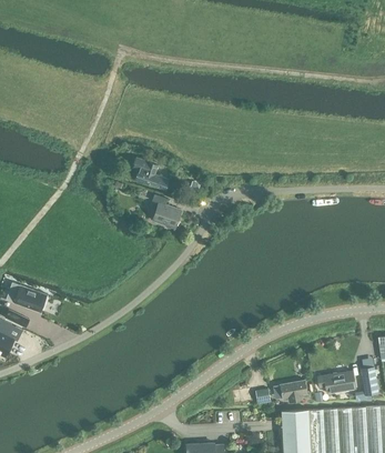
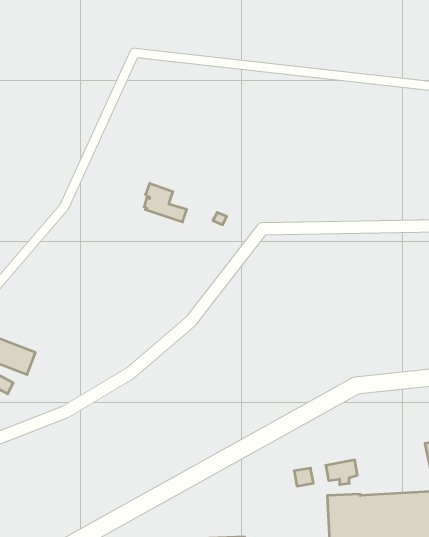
building: [153,194,181,229] -> none
building: [317,372,355,393] -> none

